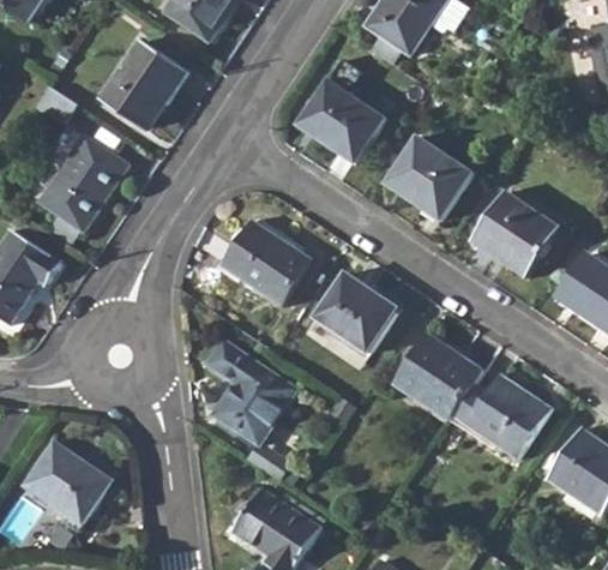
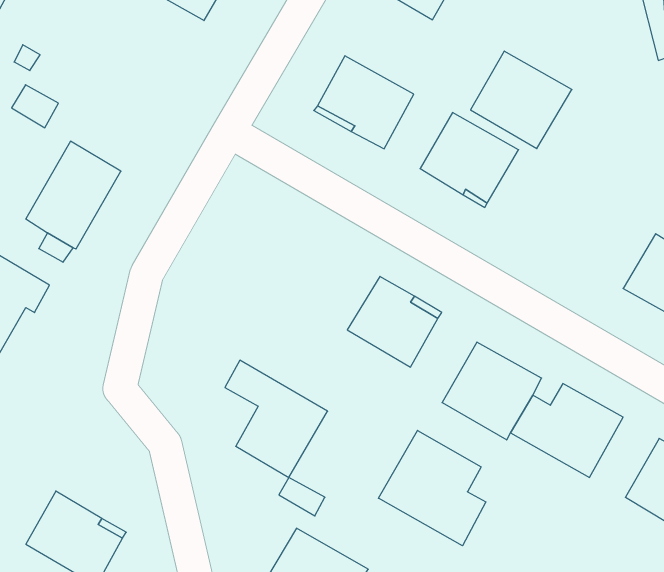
building: [101,40,187,131] -> none
building: [471,190,560,276] -> [471,51,572,149]
building: [221,221,311,306] -> none
building: none -> [378,430,486,546]

